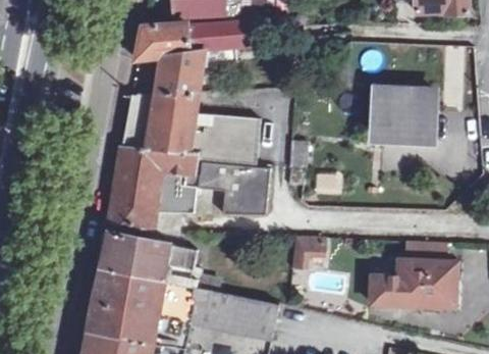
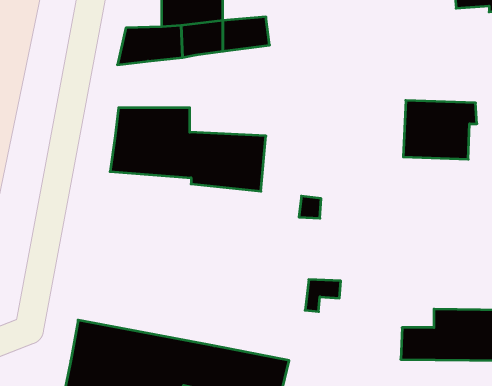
building: [155,51,200,95] -> none
building: [111,148,267,229] -> none
building: [102,234,217,293] -> none

